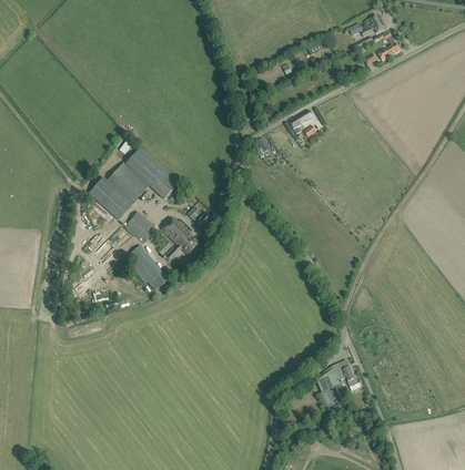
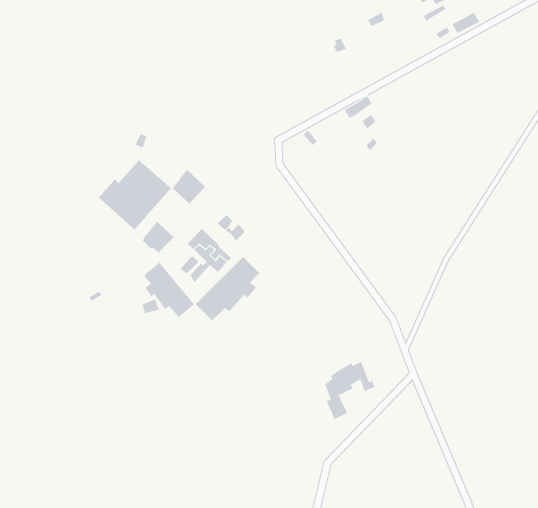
building: [125,149,162,184] -> none
building: none -> [195,256,260,321]
building: [317,360,358,408] -> [325,361,375,420]

